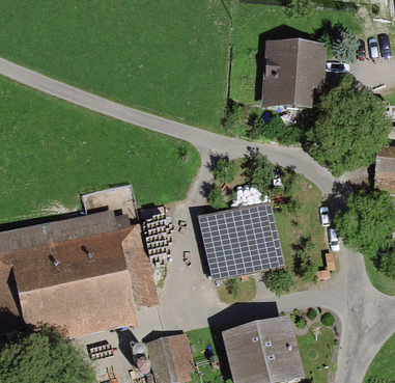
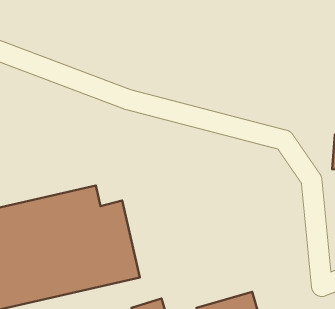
building: [260,48,325,112] -> none
building: [199,199,287,280] -> none

